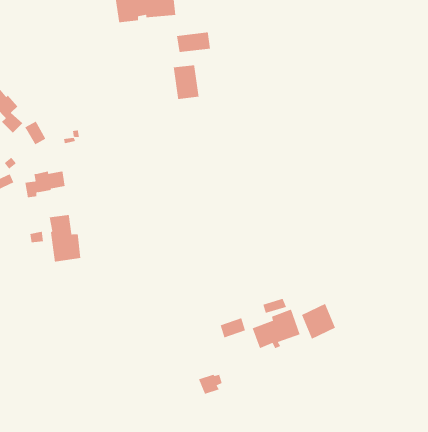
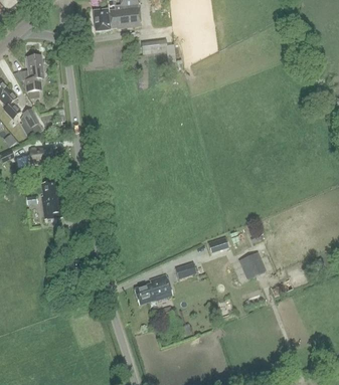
building: none -> [24,54,43,98]
building: [173,64,199,100] -> none
building: [252,309,301,349] -> [133,273,171,305]

